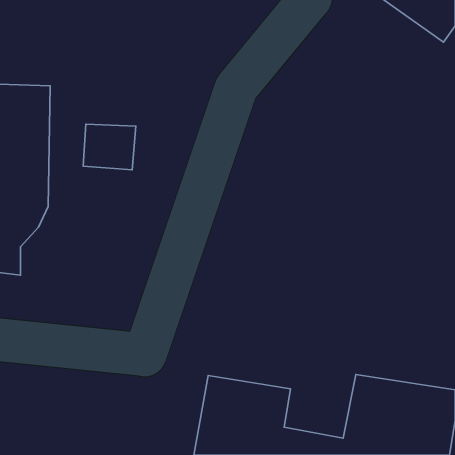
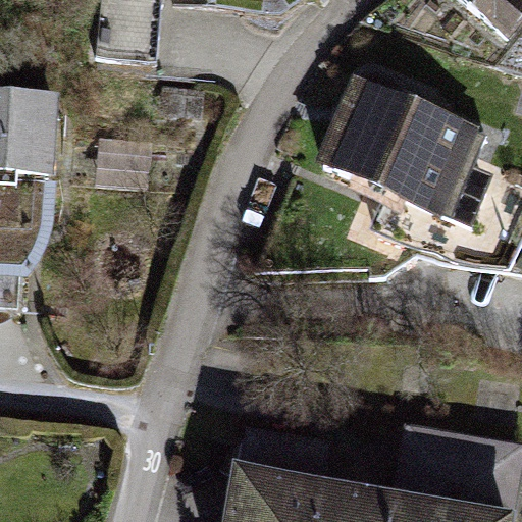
building: none -> [312,75,490,230]

